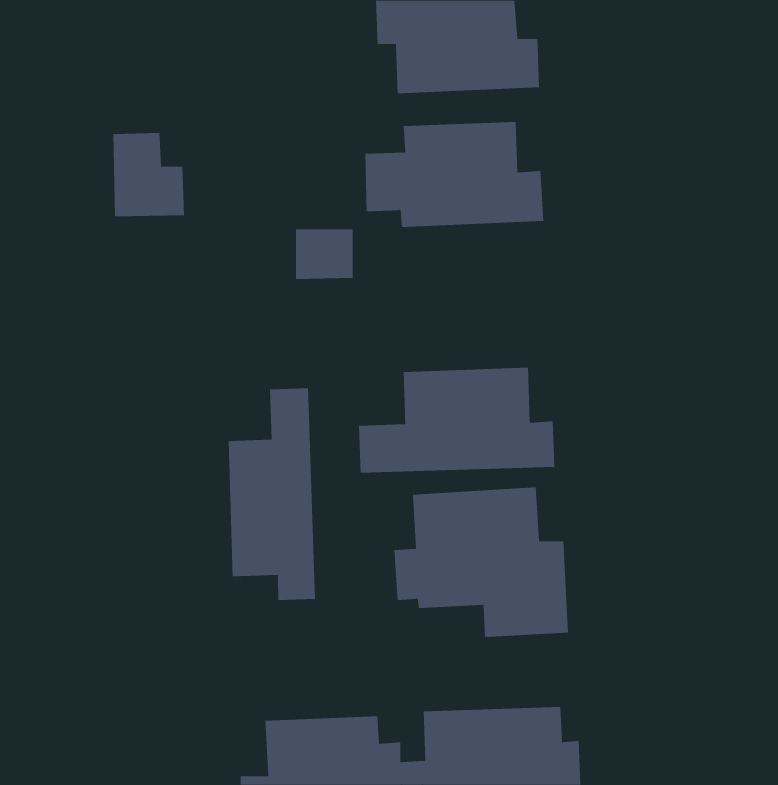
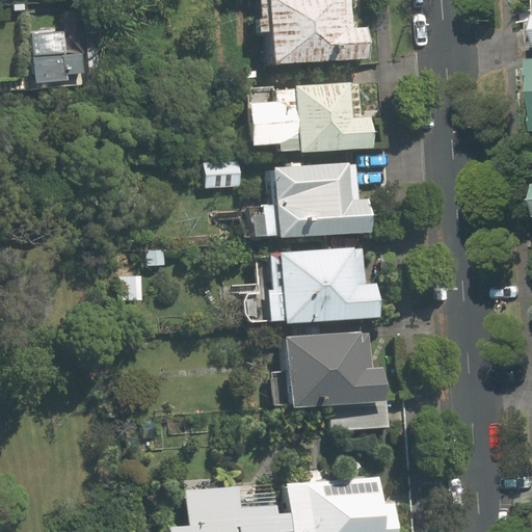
building: [113,132,185,217] -> [36,28,85,85]
building: none -> [250,164,371,235]
building: [228,388,316,601] -> none

